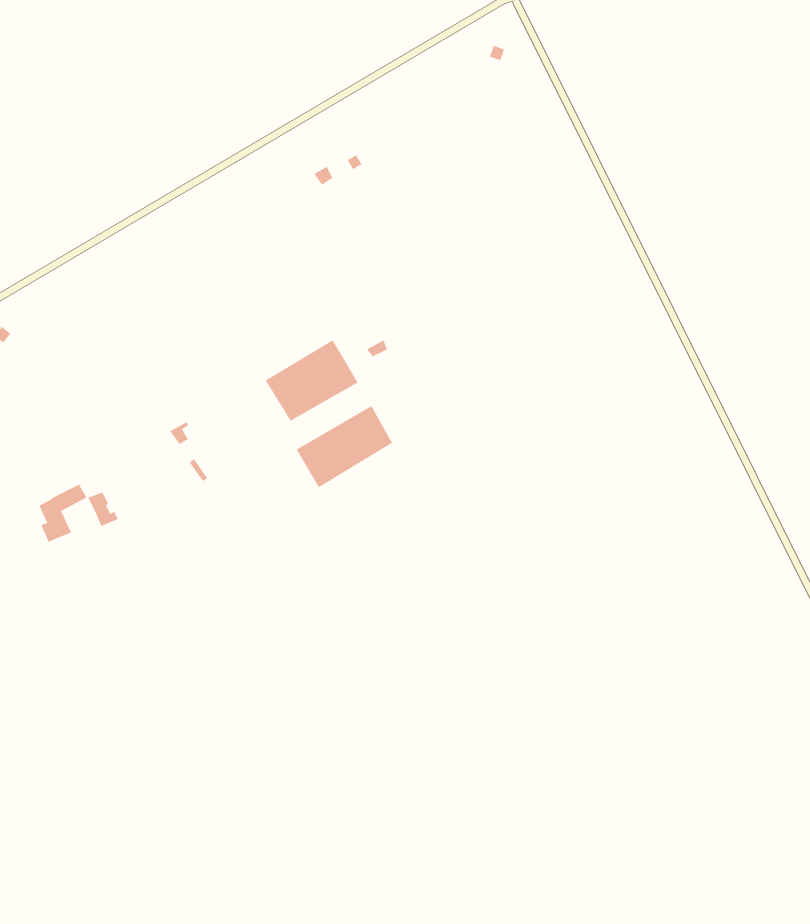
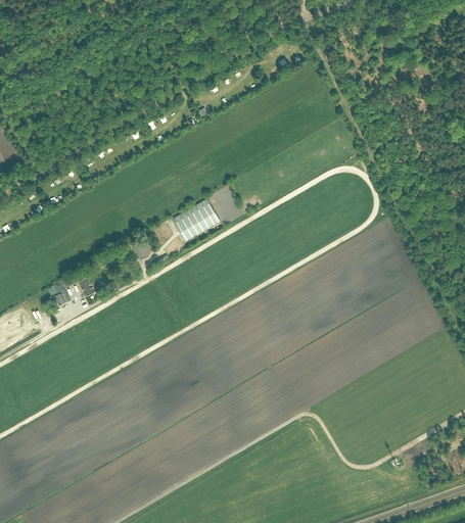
building: [296,405,393,488] -> none

